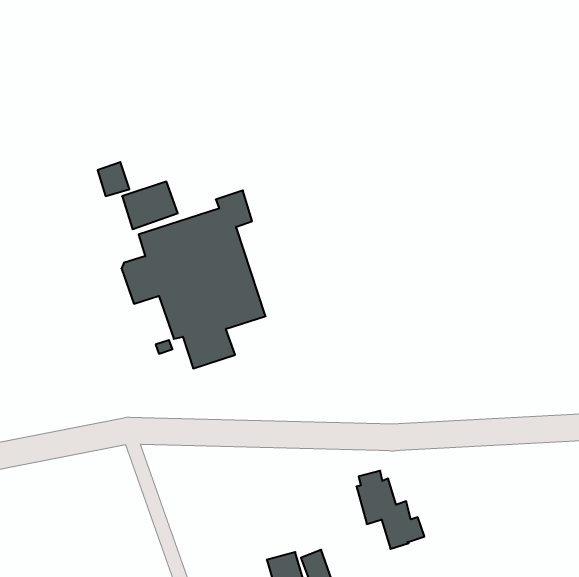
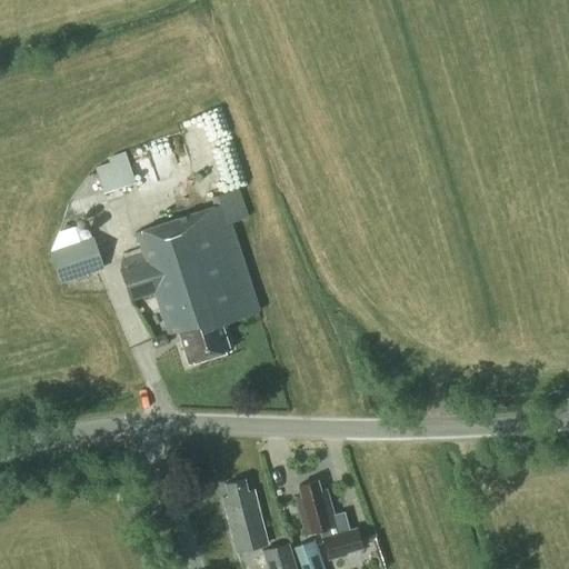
building: [122,182,178,229] -> [51,238,106,284]
building: [356,471,424,549] -> [296,482,362,559]
building: none -> [222,480,268,553]

